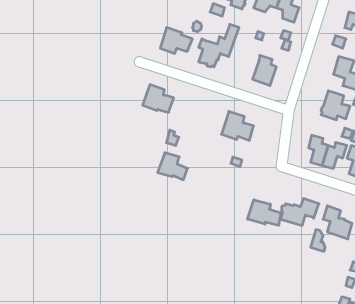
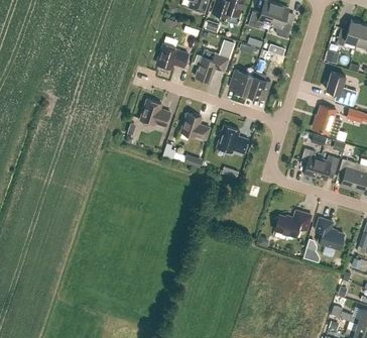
building: none -> [229,70,253,94]
building: [158,153,188,180] -> [180,113,210,139]
building: [248,200,281,225] -> none

